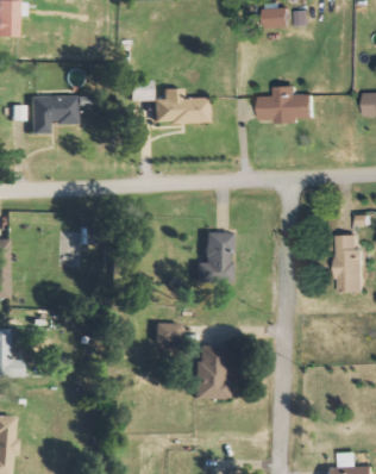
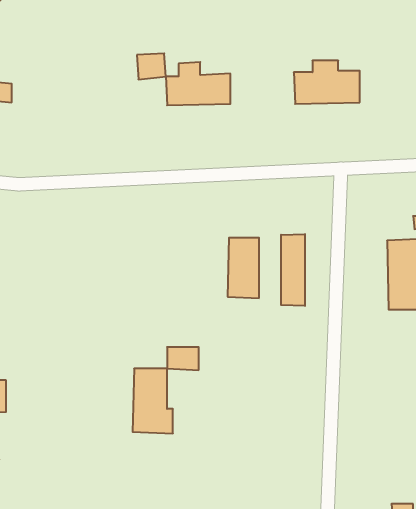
building: [31,94,76,132] -> none
building: none -> [281,234,305,306]
building: [195,345,228,399] -> [133,369,173,433]

